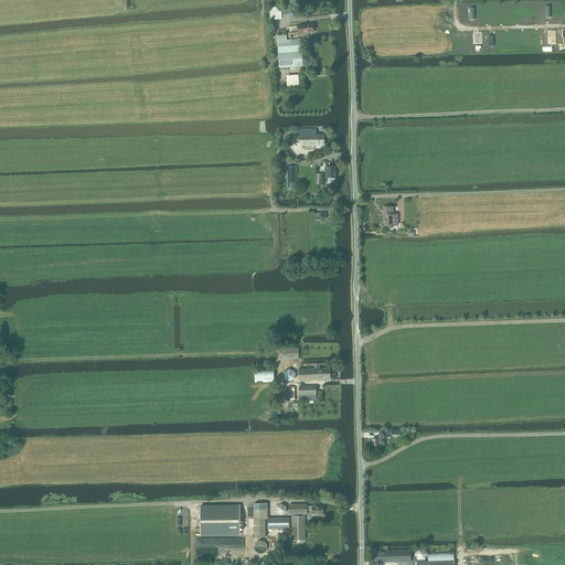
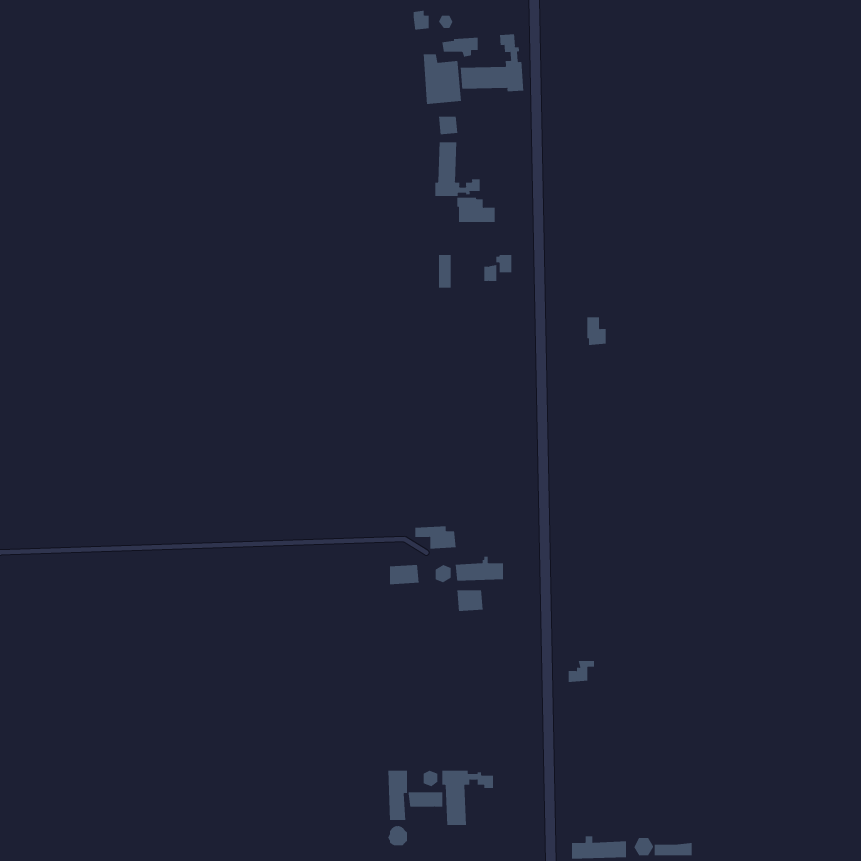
building: none -> [460,34,524,92]
building: none -> [435,141,480,197]
building: [200,507,241,535] -> none

